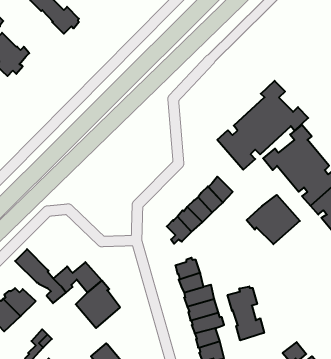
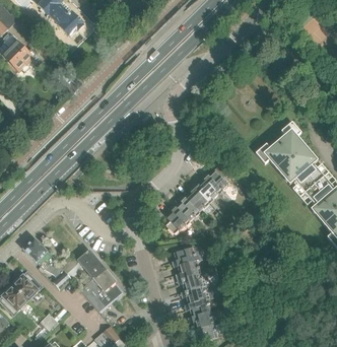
building: [217,81,308,170] -> none
building: [247,195,300,244] -> none
building: [228,286,264,340] -> none

